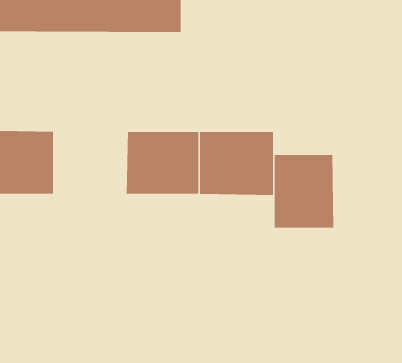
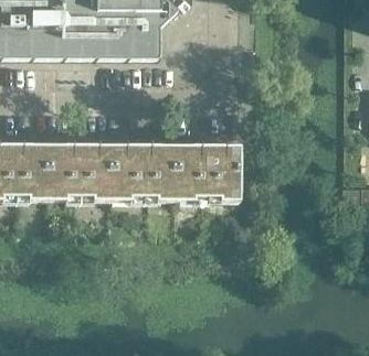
building: none -> [48,143,112,198]
building: [274,154,334,228] -> none

